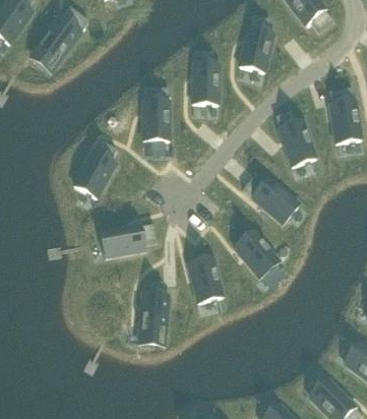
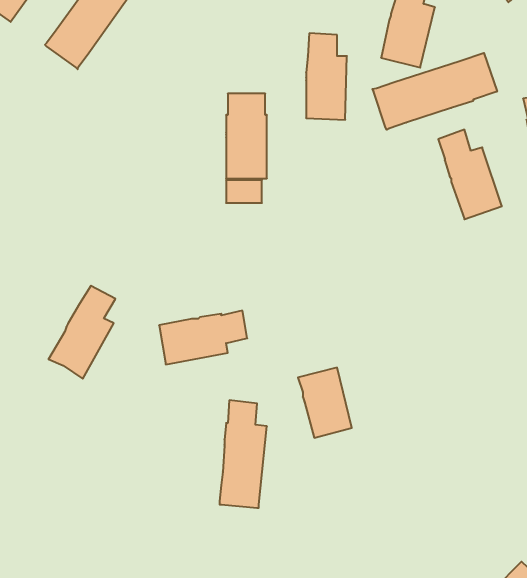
building: none -> [372,53,497,130]
building: [73,140,115,198] -> [48,286,115,379]
building: [242,175,297,224] -> none
building: [234,232,278,279] -> none

